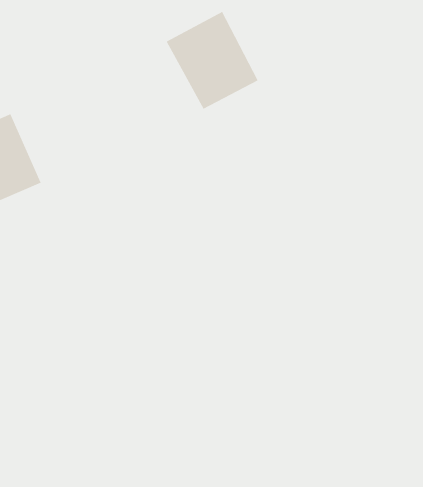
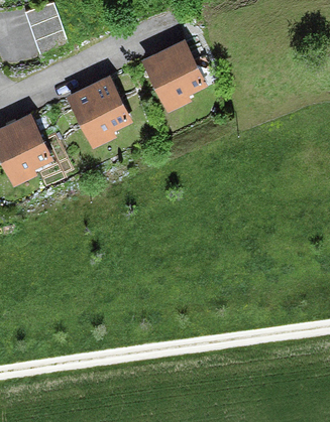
building: none -> [69,77,133,144]

